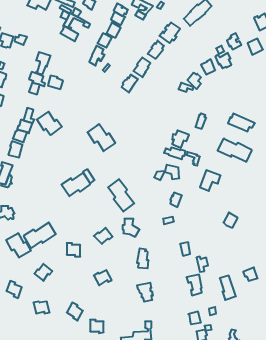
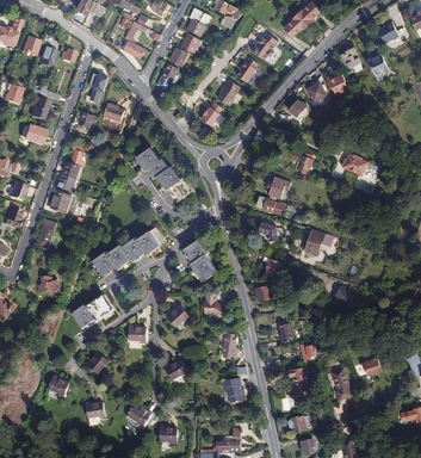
building: [37,112,62,135] -> [135,148,168,179]
building: [218,138,252,162] -> none
building: none -> [91,246,129,277]
building: [6,233,31,258] -> none

